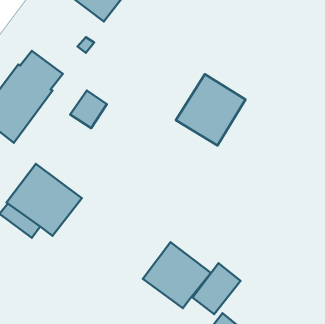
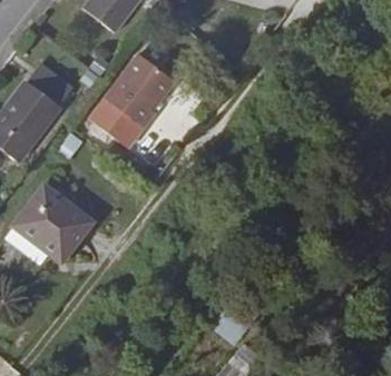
building: [176,74,246,145] -> [104,52,178,128]
building: [143,242,211,308] -> none

